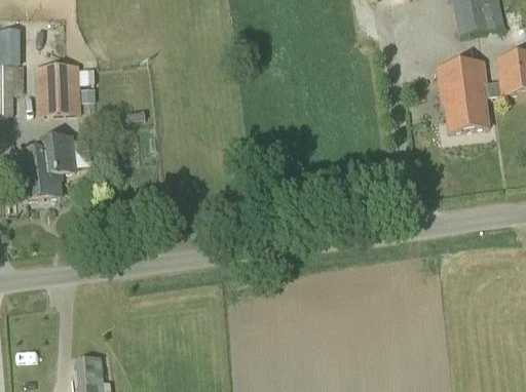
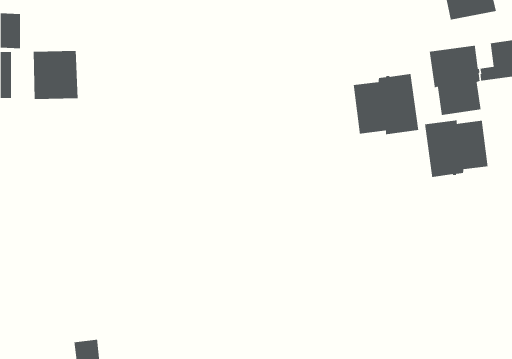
building: none -> [353,73,419,135]
building: none -> [424,119,488,178]
building: [14,135,75,199] -> none

